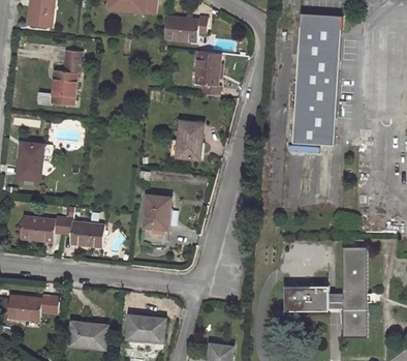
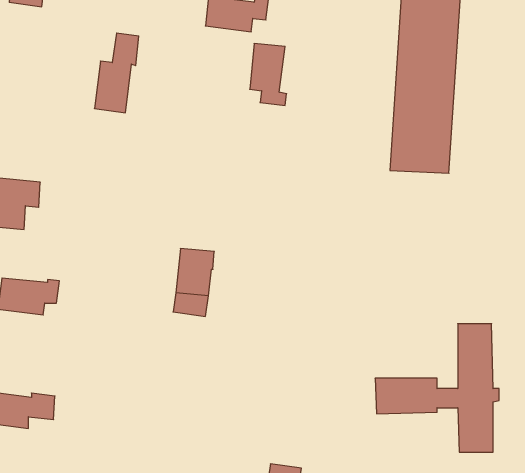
building: [50,51,81,107] -> [94,33,139,113]
building: [169,122,201,160] -> none
building: [61,218,104,247] -> none
building: [127,315,165,342] -> none
building: [70,323,108,349] -> none

